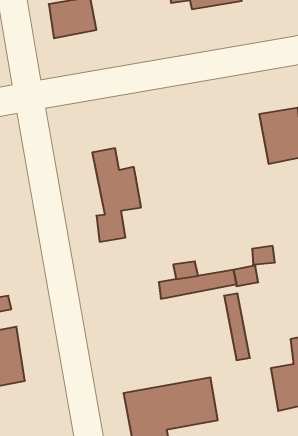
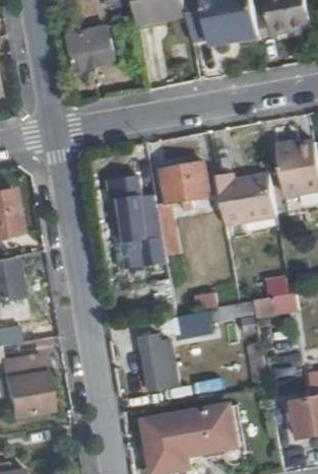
building: none -> [157,161,212,258]
building: none -> [216,171,276,223]
building: none -> [139,335,179,390]

